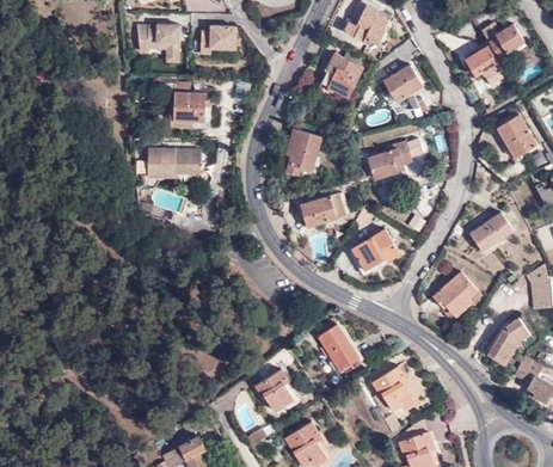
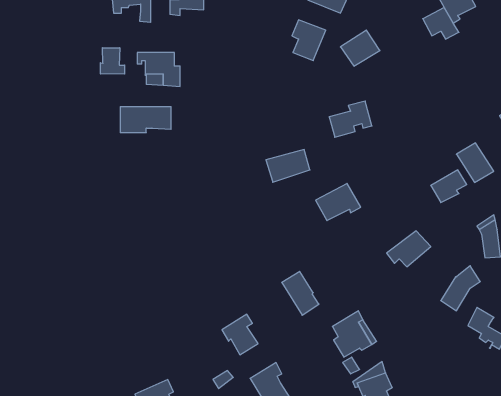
building: none -> [100,48,125,74]
building: [497,118,536,160] -> [456,143,494,182]
building: [288,134,324,178] -> none

